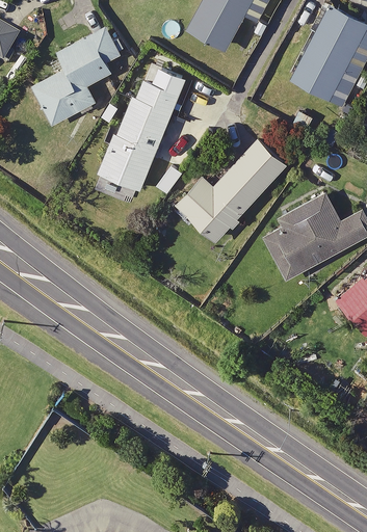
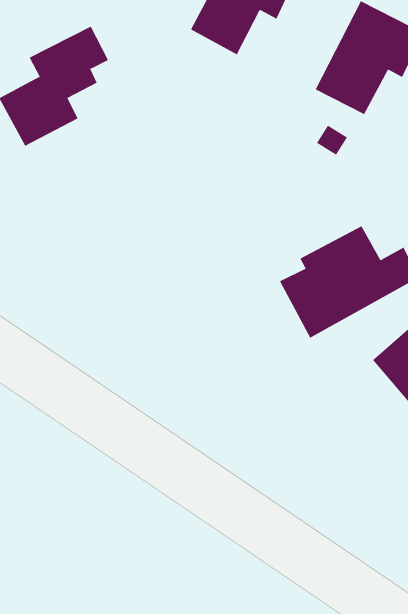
building: [99,79,180,190] -> none
building: [176,140,286,241] -> none

